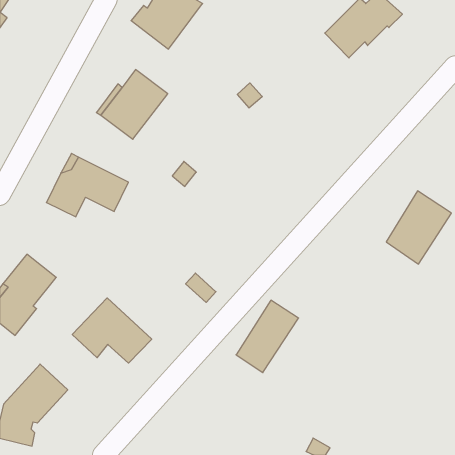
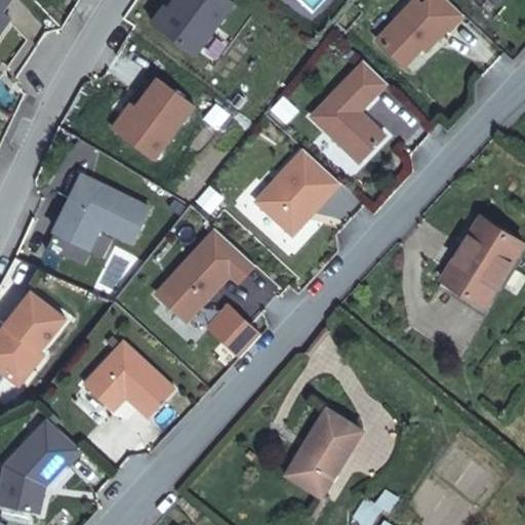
building: none -> [310,62,386,163]
building: none -> [254,151,338,236]
building: none -> [155,230,253,322]
building: [236,300,299,373] -> [287,409,359,492]

